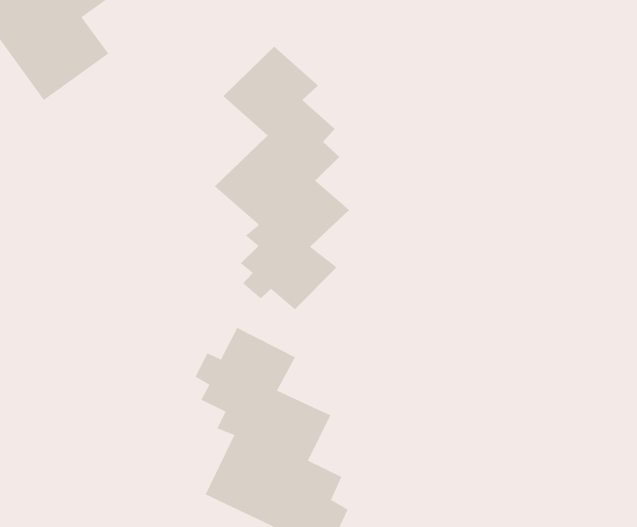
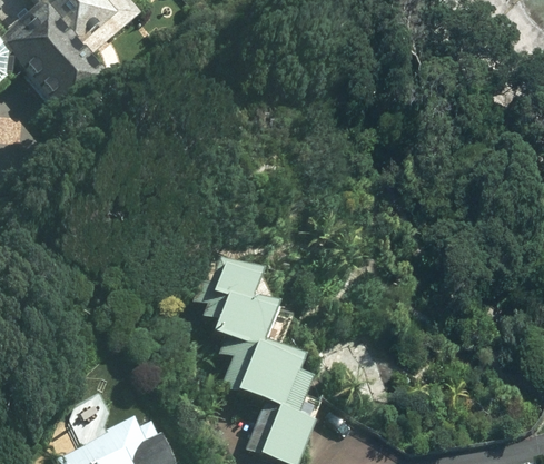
building: [214,46,350,310] -> none

